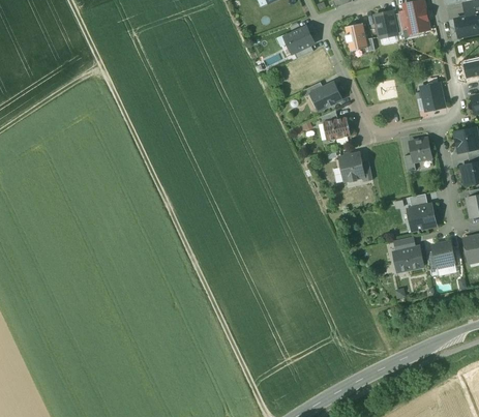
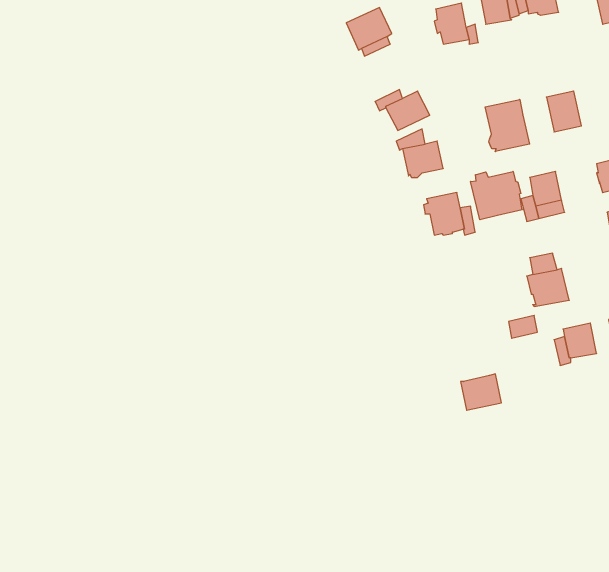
building: none -> [485,99,530,152]
building: none -> [471,171,522,220]
building: [394,245,422,270] -> [461,374,501,410]

